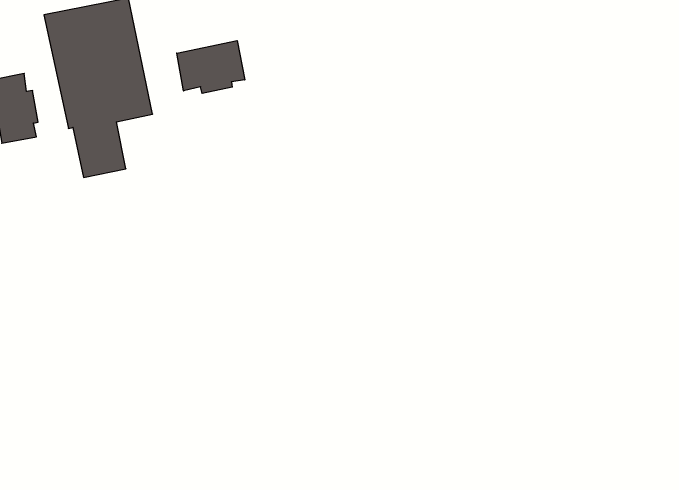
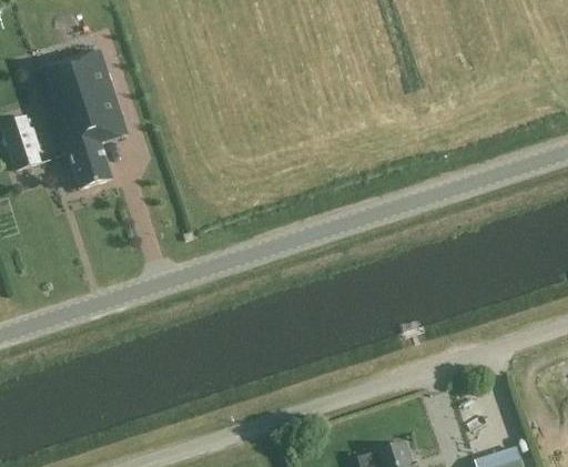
building: [177,41,245,93] -> none

